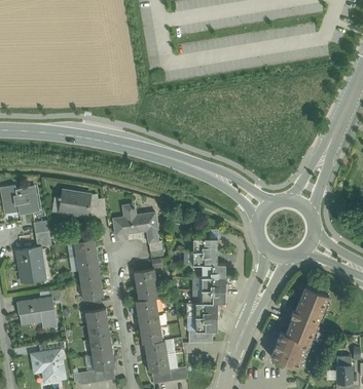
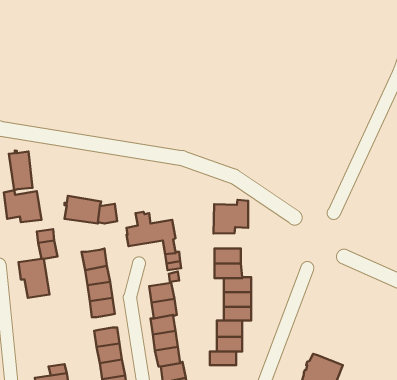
building: none -> [9,151,33,190]
building: none -> [213,200,248,234]
building: [286,286,329,344] -> none
building: [21,297,57,327] -> none

